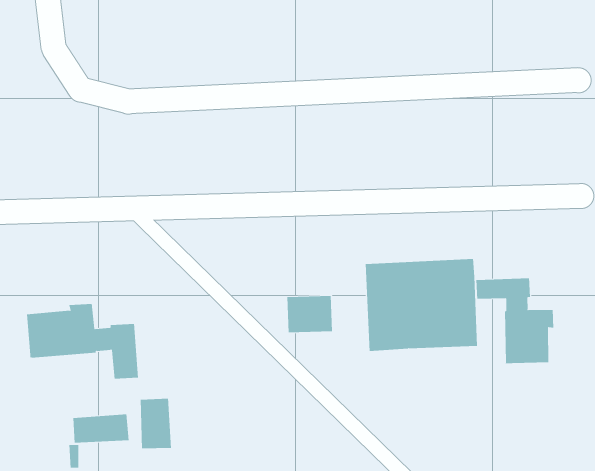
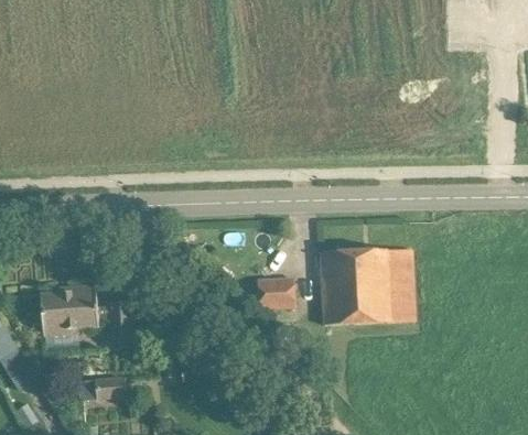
building: [476,278,554,364] -> none
building: [140,398,171,449] -> none

